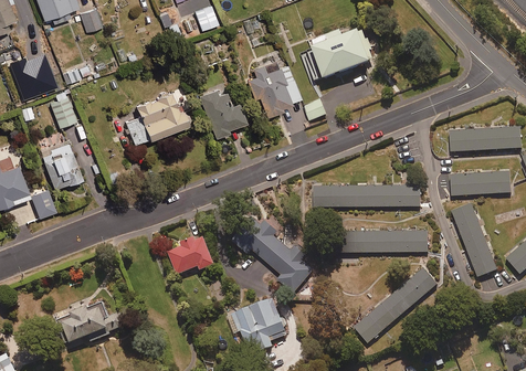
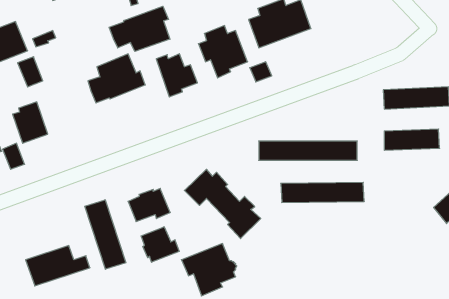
building: none -> [109,6,170,51]
building: [452,202,497,277] -> none
building: none -> [85,200,126,269]
building: [355,267,438,343] -> none
building: none -> [141,227,179,262]

